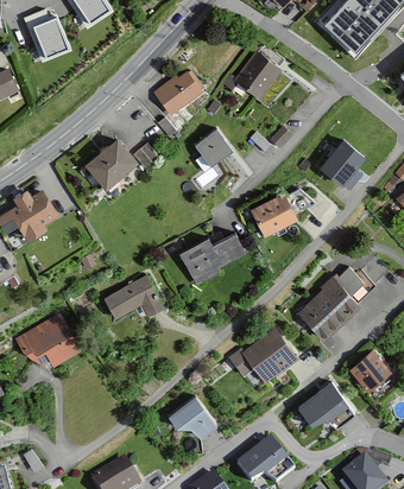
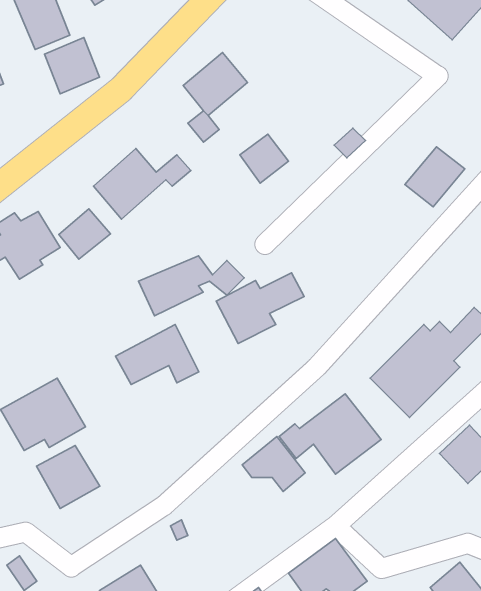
building: [234,51,291,108] -> none
building: none -> [44,37,100,94]
building: none -> [59,209,110,259]
building: [252,190,332,235] -> [139,256,244,316]
building: none -> [36,445,100,508]
building: [295,379,353,425] -> none
building: [168,393,215,434] -> [242,436,305,492]

